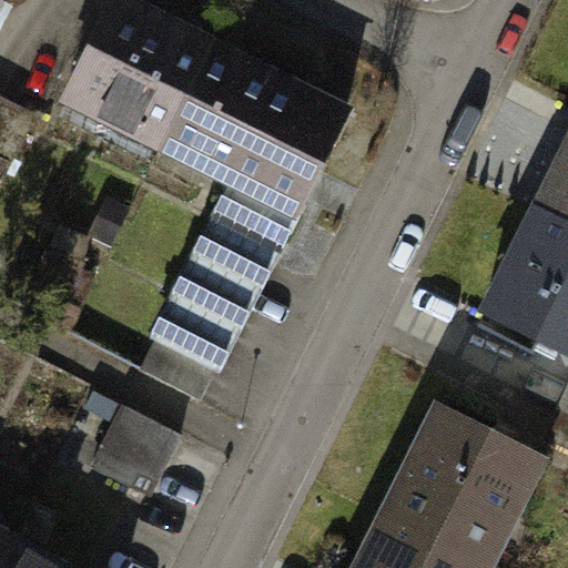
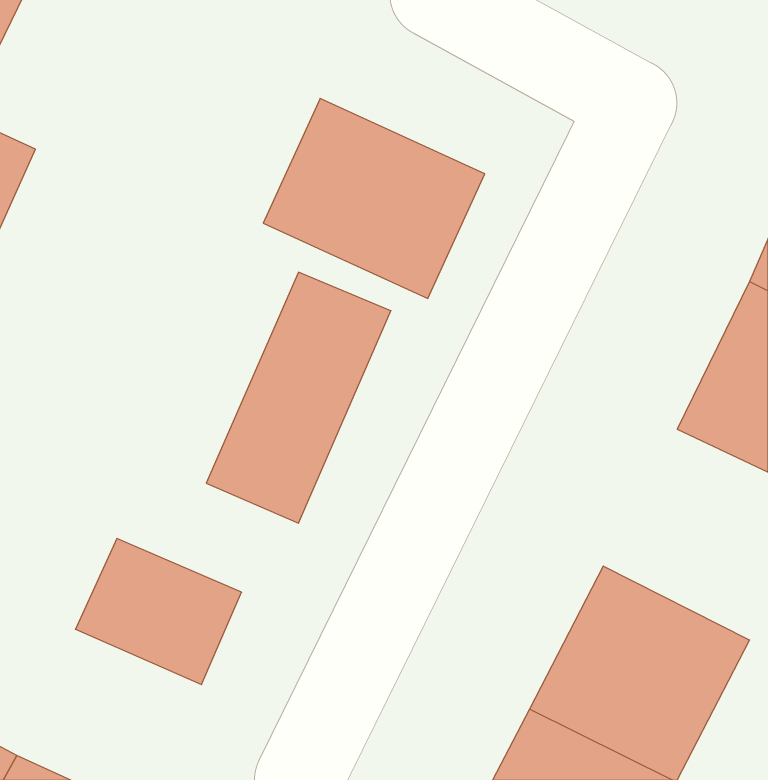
building: [70,16,231,161] -> none

